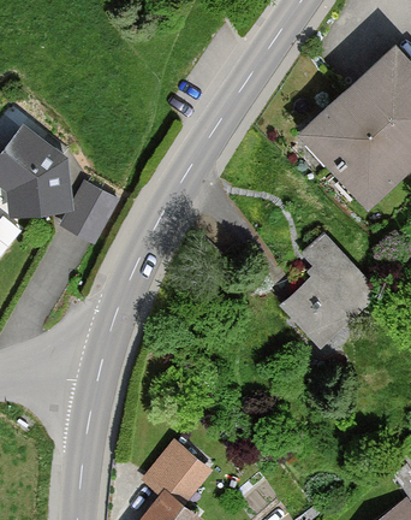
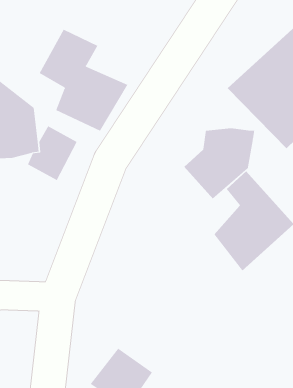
building: none -> [39,29,128,131]
building: none -> [184,128,255,199]

